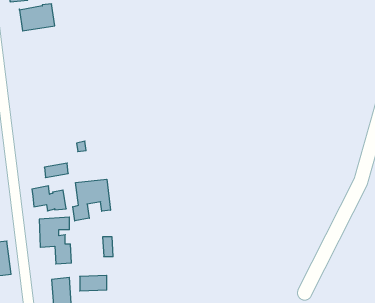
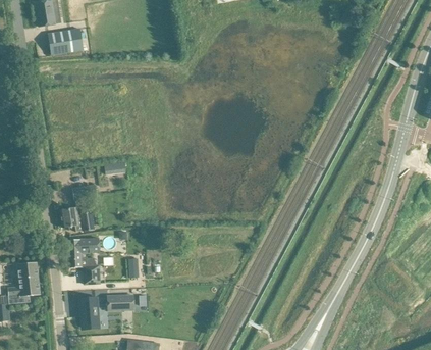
building: [73,179,110,221] -> none

